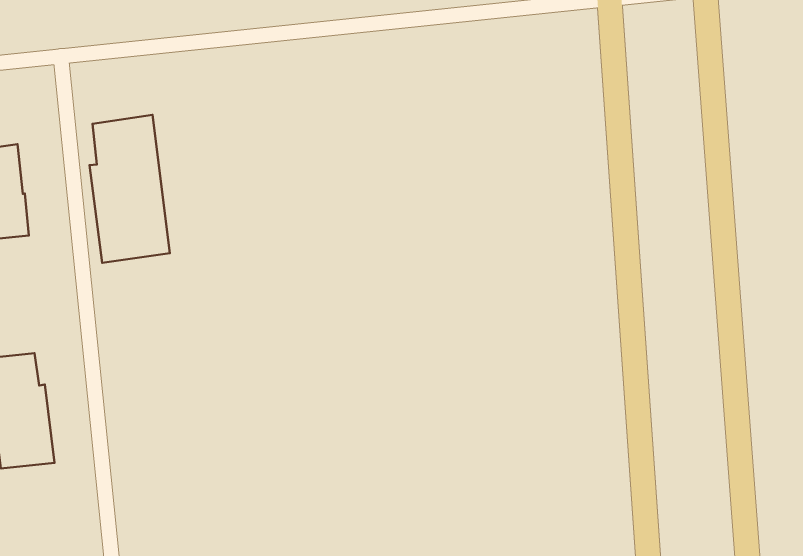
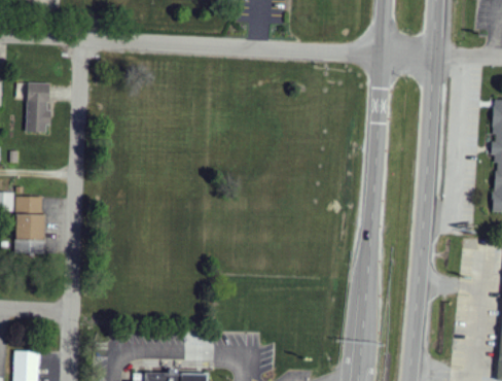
building: [89,115,170,263] -> none

